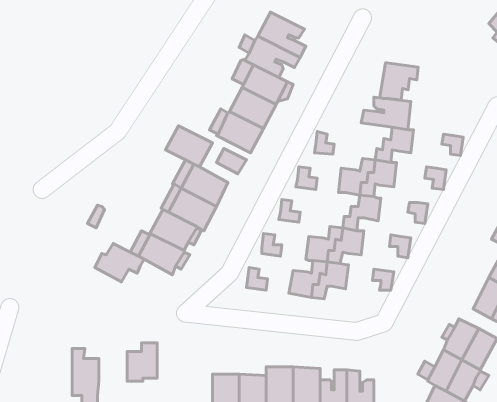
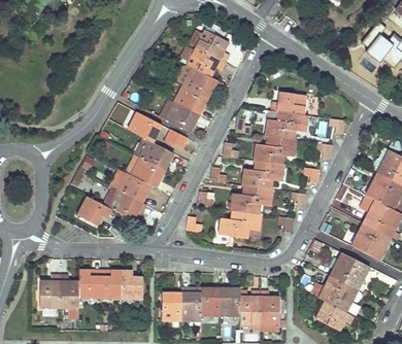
building: [380,63,418,100] -> [265,110,293,137]
building: none -> [242,161,269,186]
building: none -> [79,269,100,298]
building: none -> [122,270,143,299]
building: none -> [39,274,60,308]

